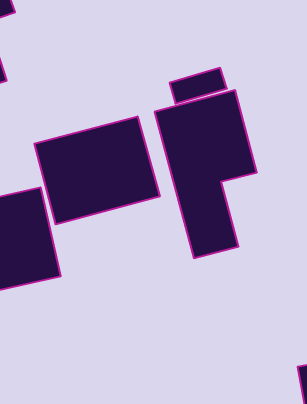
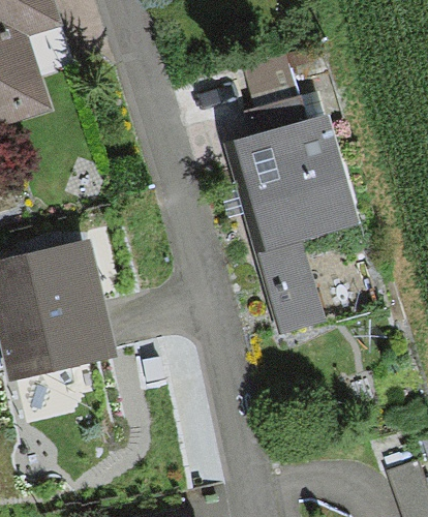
building: [34,116,160,224] -> none

